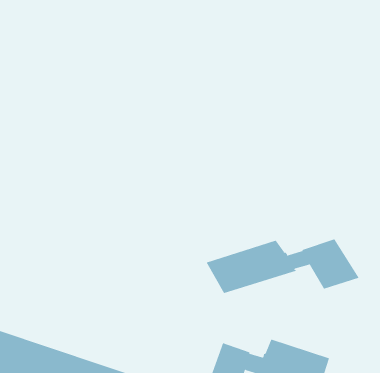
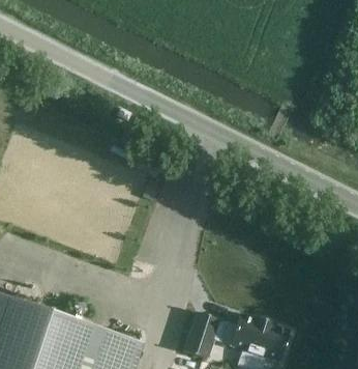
building: [206,238,359,294] -> none

